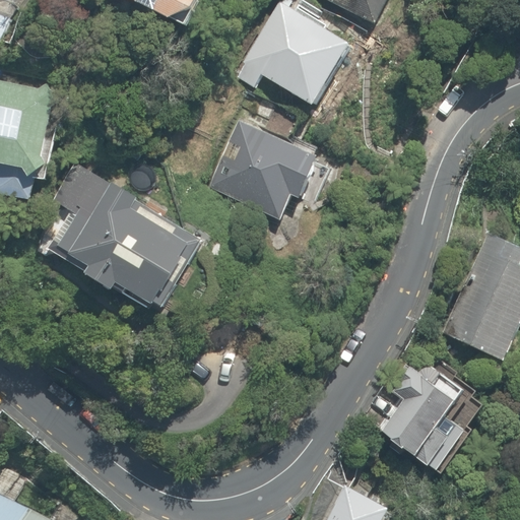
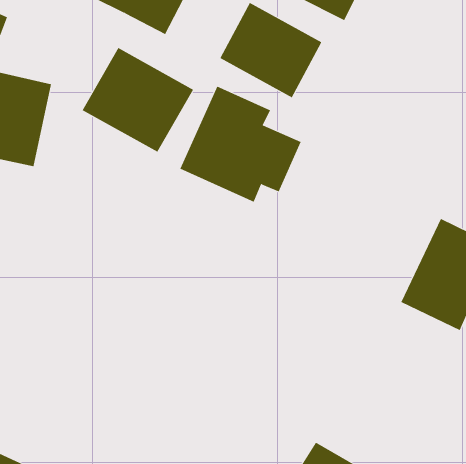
building: none -> [82,47,194,153]
building: [48,167,197,310] -> none
building: [367,363,481,475] -> none

